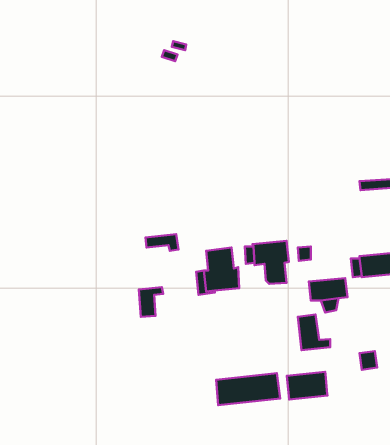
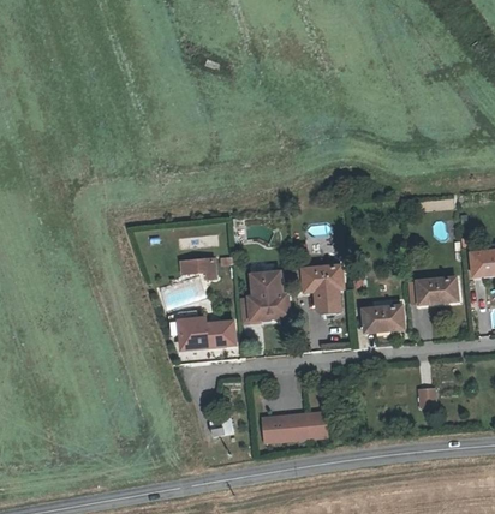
building: none -> [196,319,235,346]
building: [298,315,330,350] -> none
building: [287,372,327,400] -> none

